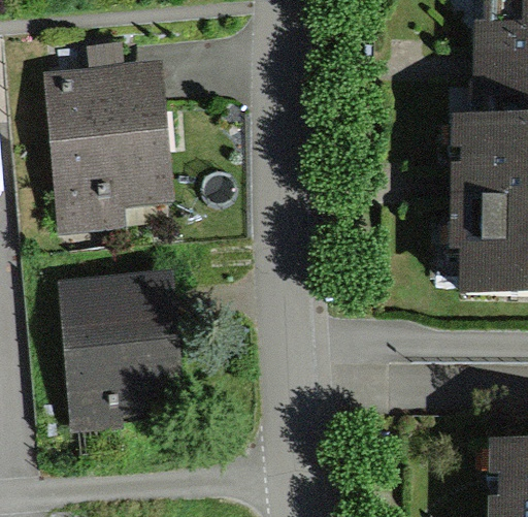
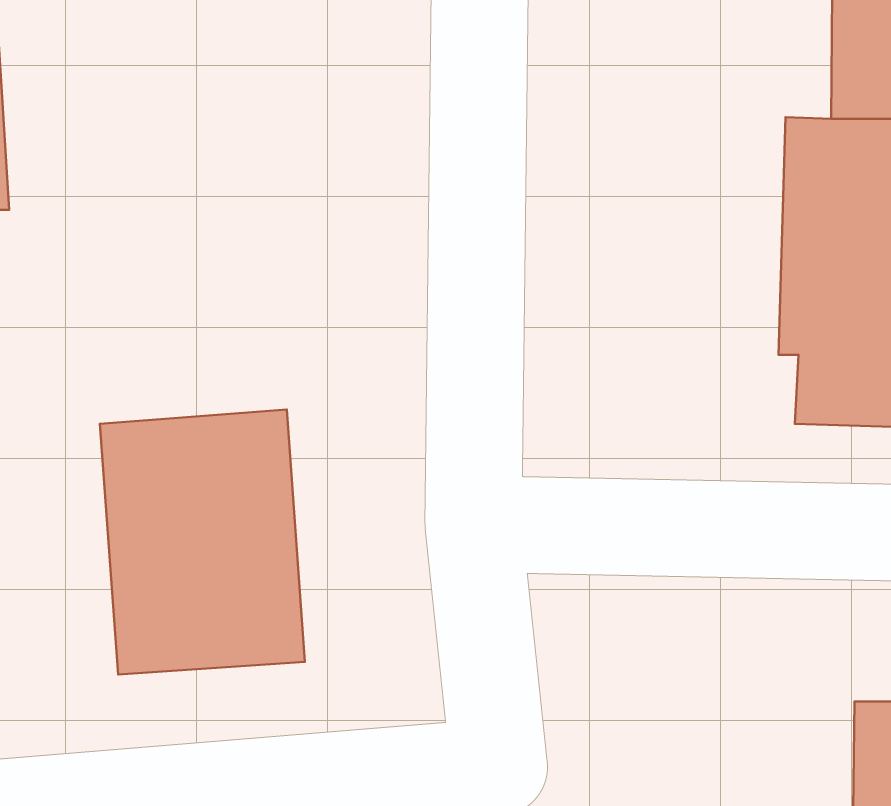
building: [48,66,168,231] -> none

